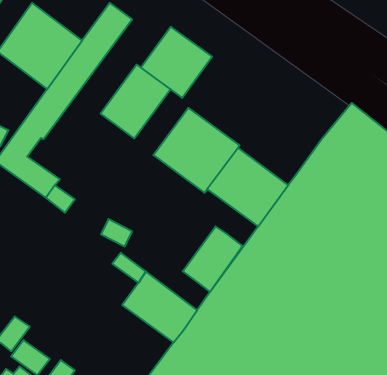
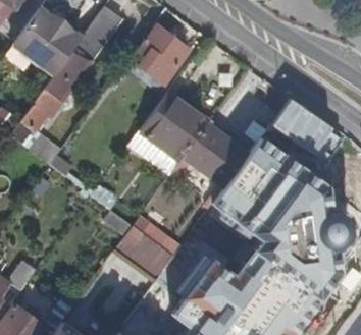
building: [101,65,170,138] -> none
building: [183,226,242,292] -> none

